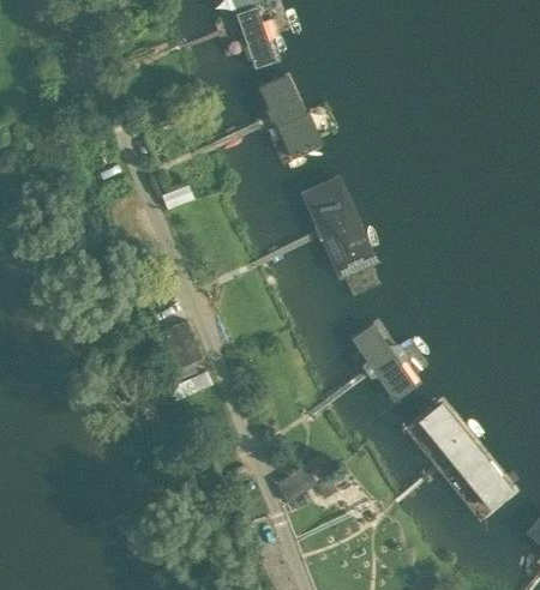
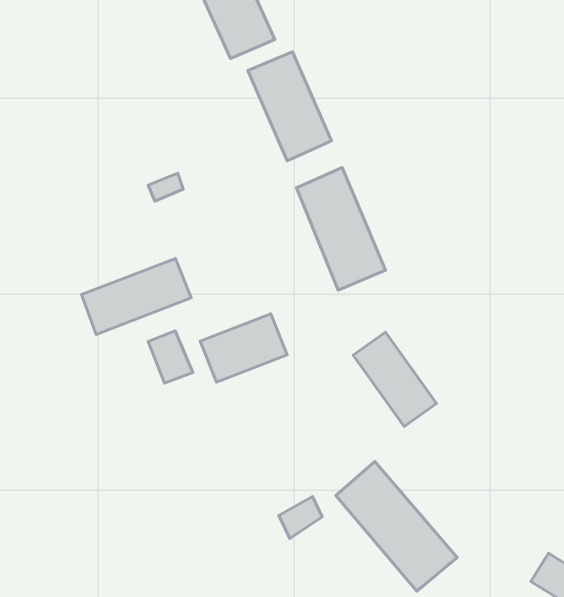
building: none -> [82,259,191,335]
building: none -> [200,314,287,382]
building: [408,403,516,518] -> [336,462,457,591]

